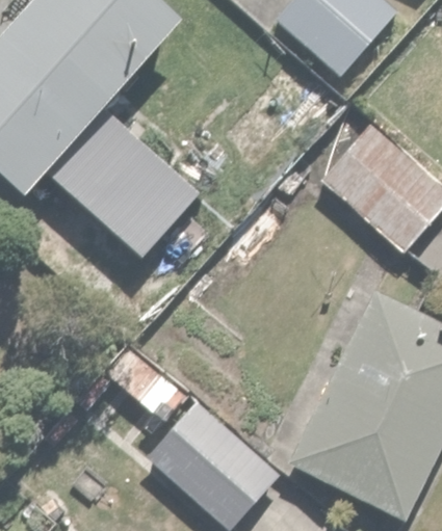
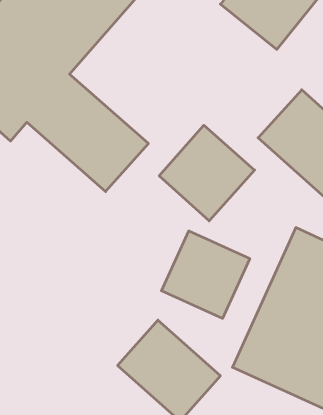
building: none -> [159,125,255,221]
building: none -> [161,231,250,318]

